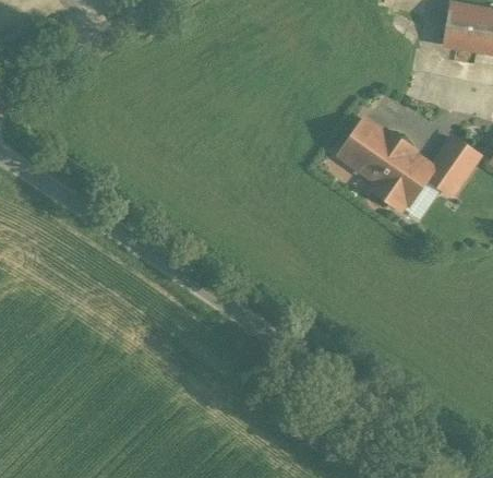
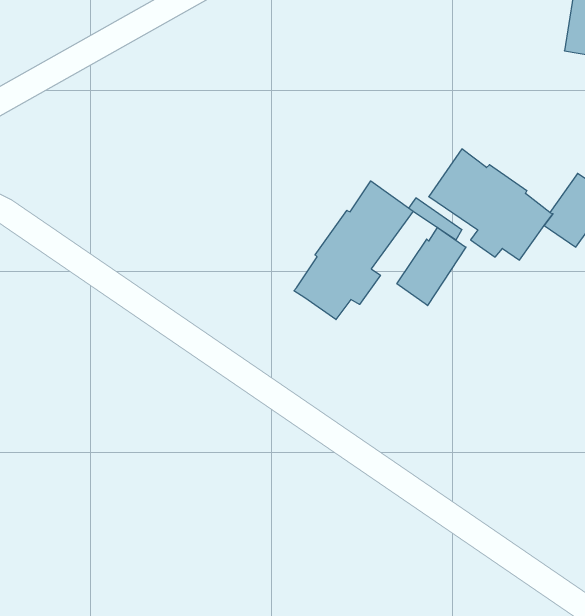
building: none -> [294,181,413,320]
building: none -> [397,227,466,306]

